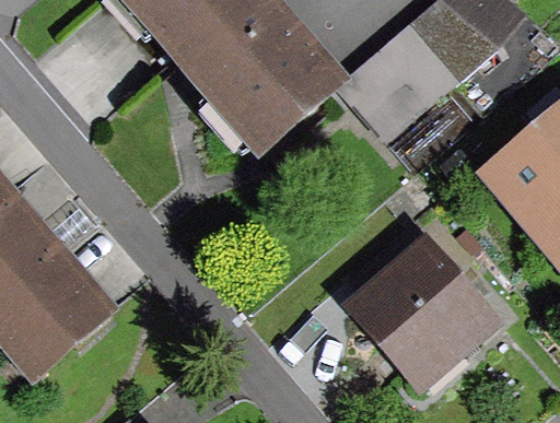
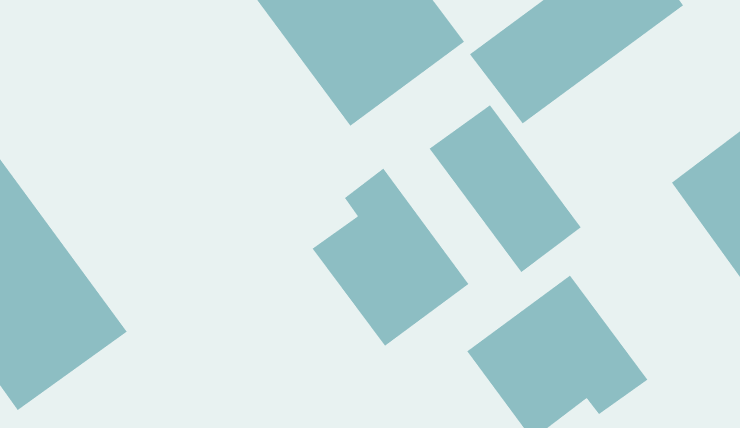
building: none -> [429,104,582,273]
building: none -> [312,168,470,347]

